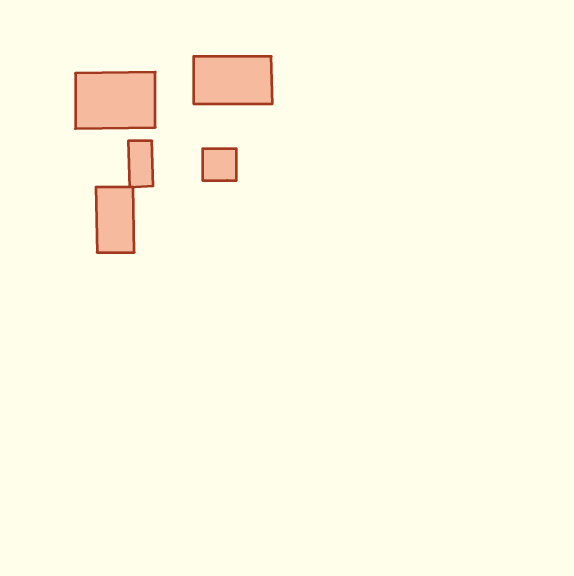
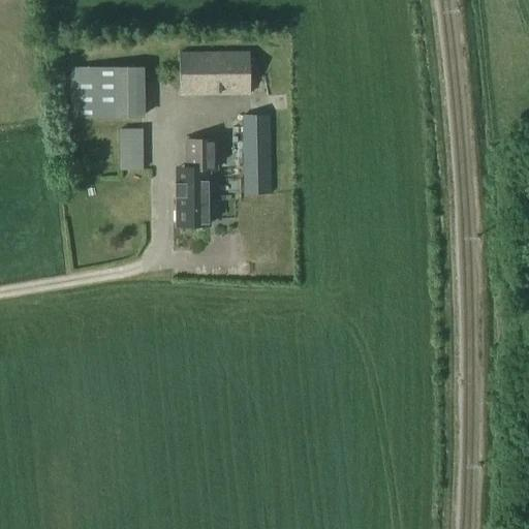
building: none -> [242,115,272,194]
building: [96,187,134,252] -> [176,165,211,225]

